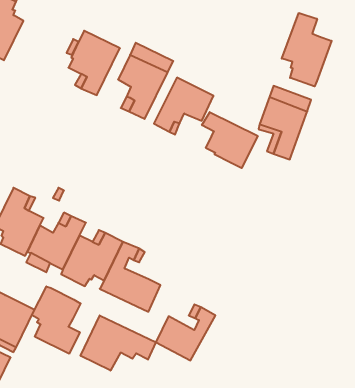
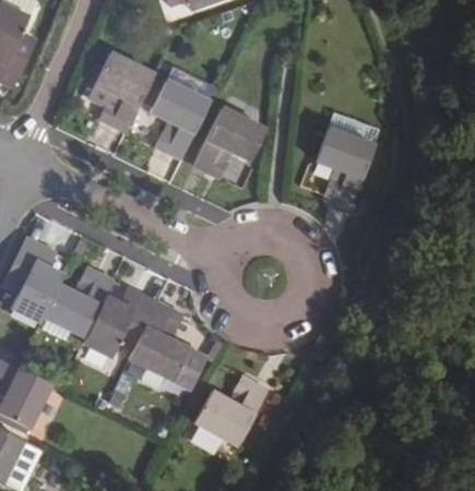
building: [282,13,332,86] -> none
building: [202,112,258,168] -> none
building: [32,286,81,354] -> none
building: [81,315,156,371] -> none

